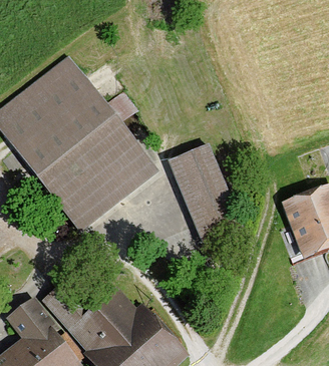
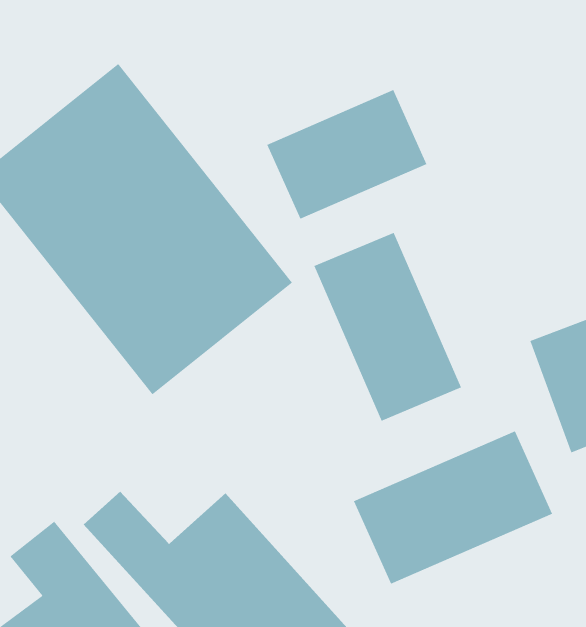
building: none -> [267,89,427,219]
building: none -> [353,430,553,585]

